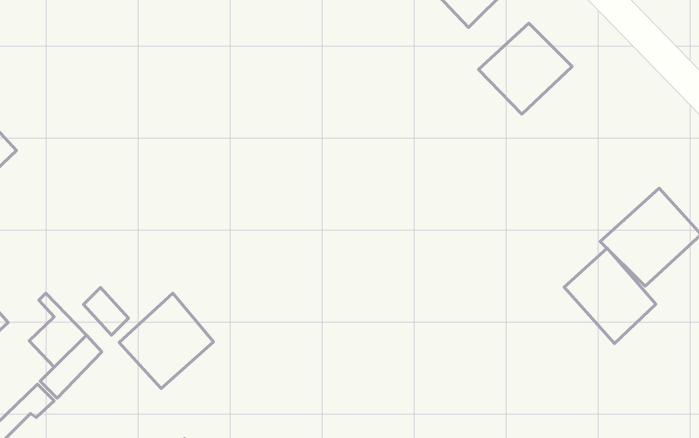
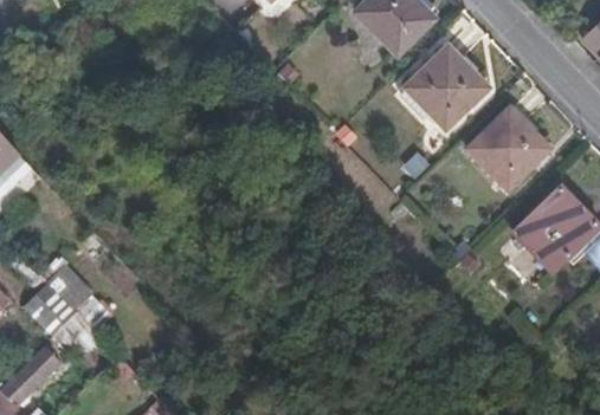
building: none -> [467,111,550,193]
building: [564,248,656,343] -> none
building: [119,293,214,389] -> none

